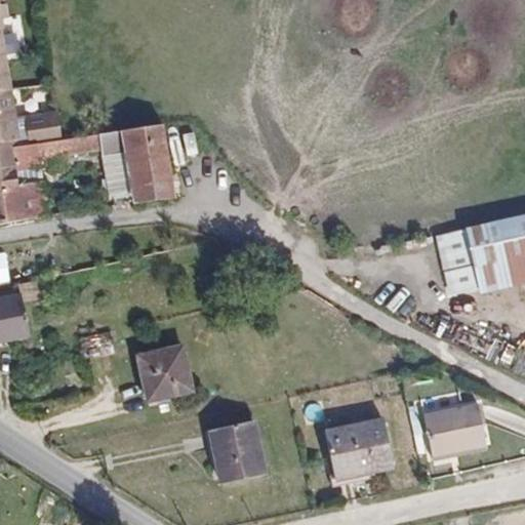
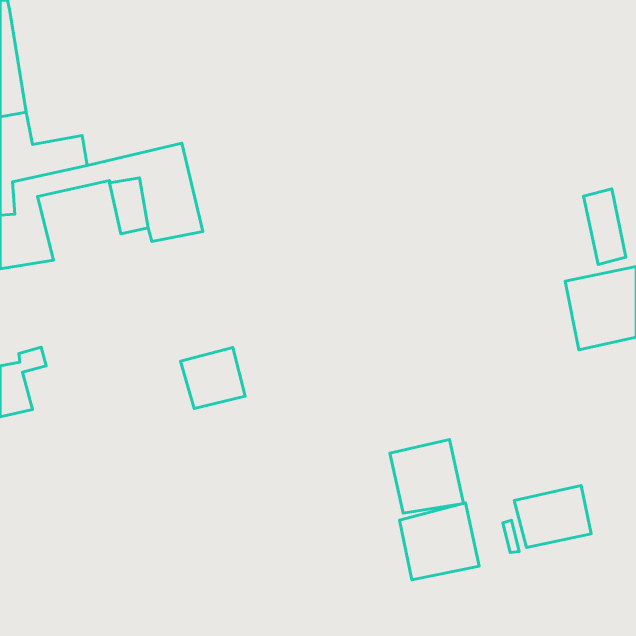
building: [442,232,477,294] -> [583,189,626,265]
building: [131,348,185,398] -> [181,348,245,409]
building: none -> [390,439,463,513]
building: [209,427,264,492] -> none

